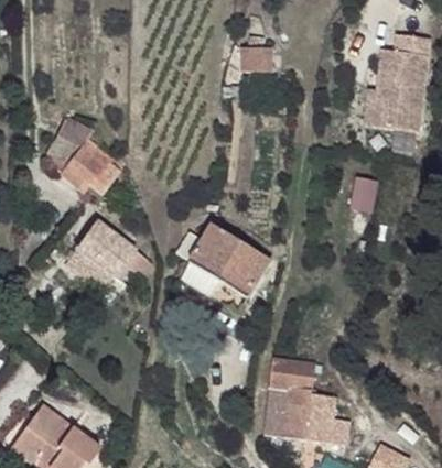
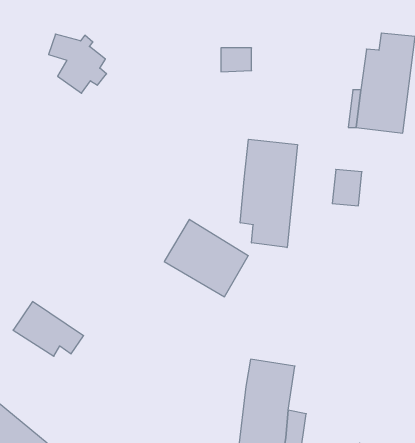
building: [53,133,109,191] -> [49,34,107,93]
building: none -> [240,139,297,248]
building: [79,220,148,273] -> [13,302,84,356]

